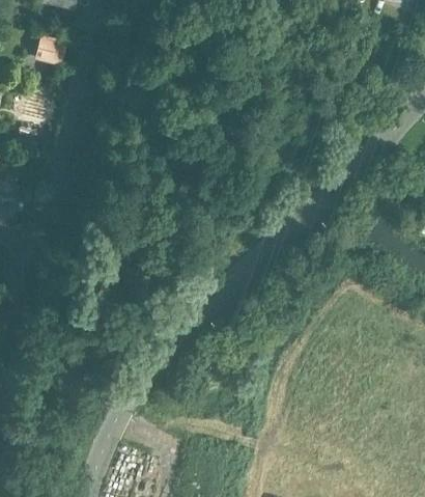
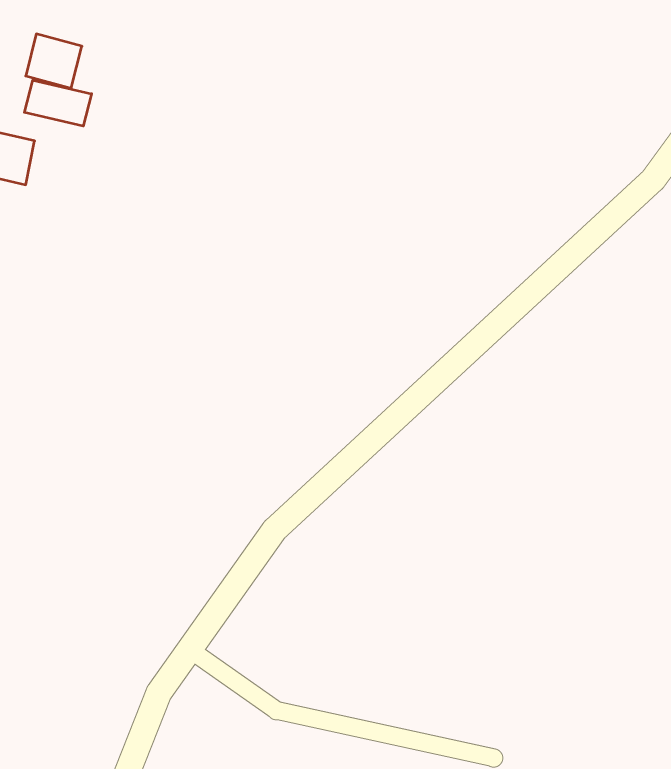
building: none -> [24,80,92,126]

